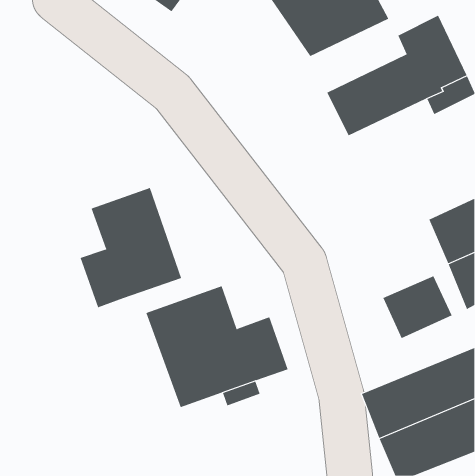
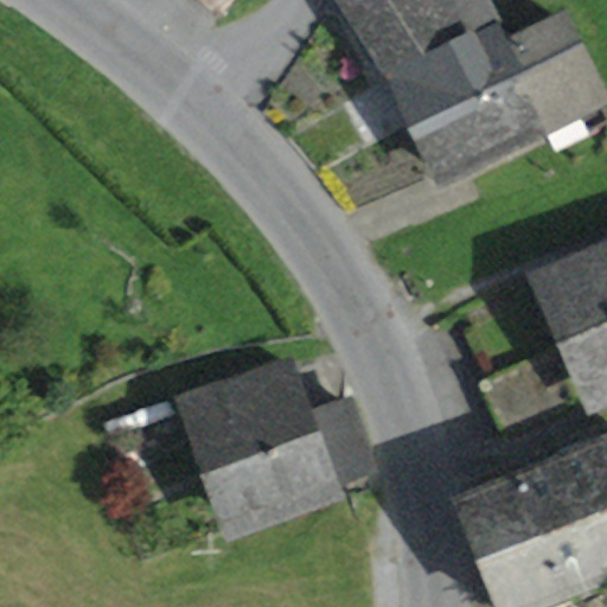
building: none -> [394,24,516,117]
building: [80,187,182,308] -> none

